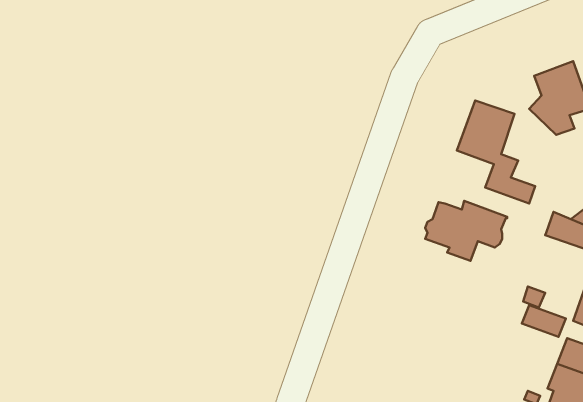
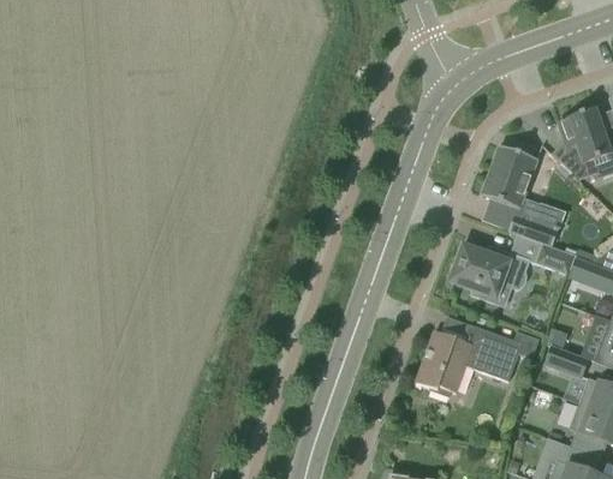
building: none -> [535,244,576,275]
building: none -> [416,324,540,397]

